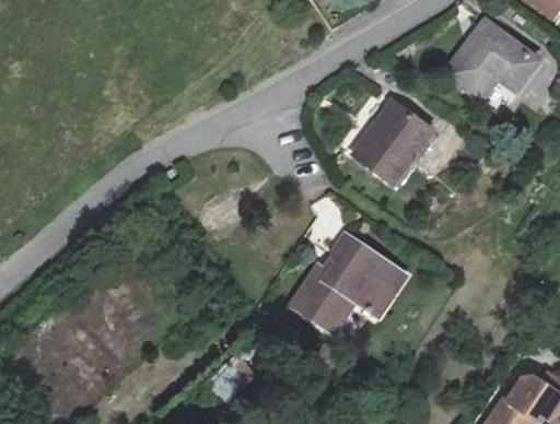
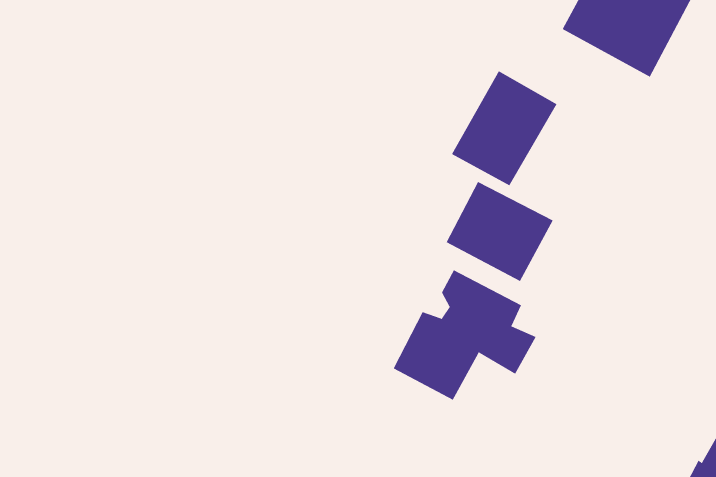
building: none -> [446,181,553,282]

